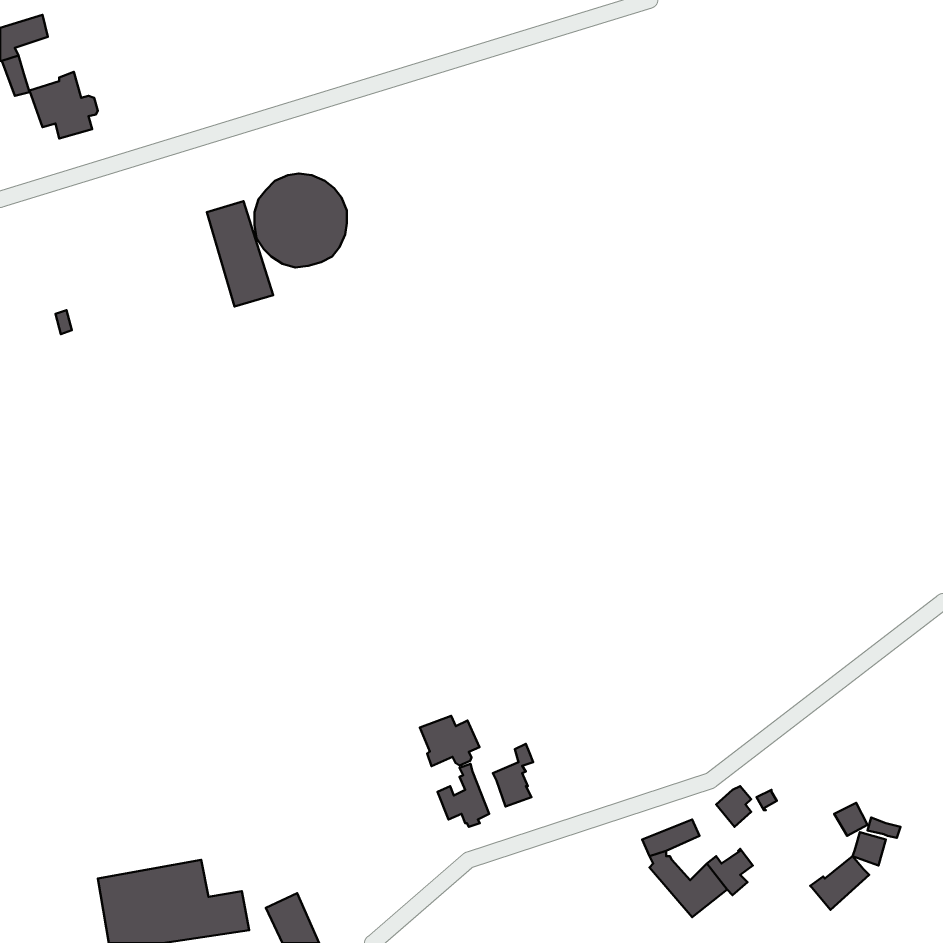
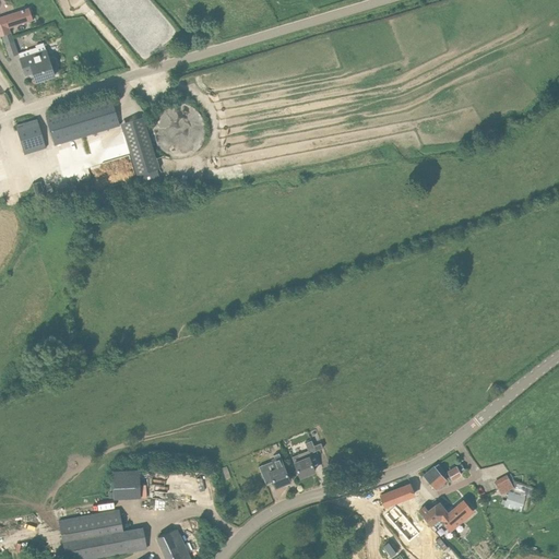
building: none -> [46,97,119,145]
building: none -> [15,119,46,154]
building: [420,716,479,766] -> none
building: none -> [111,469,140,499]
building: [810,856,869,910] -> [438,500,473,532]

